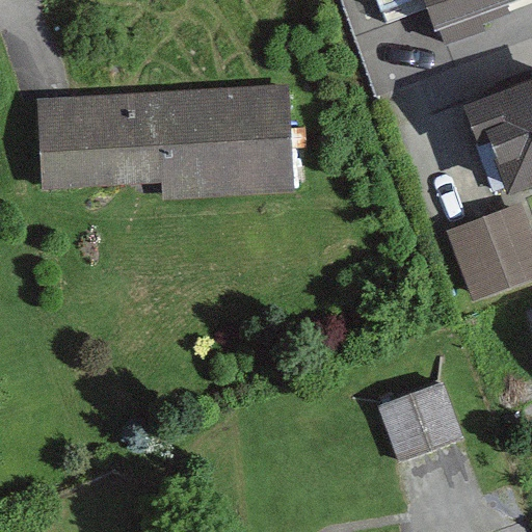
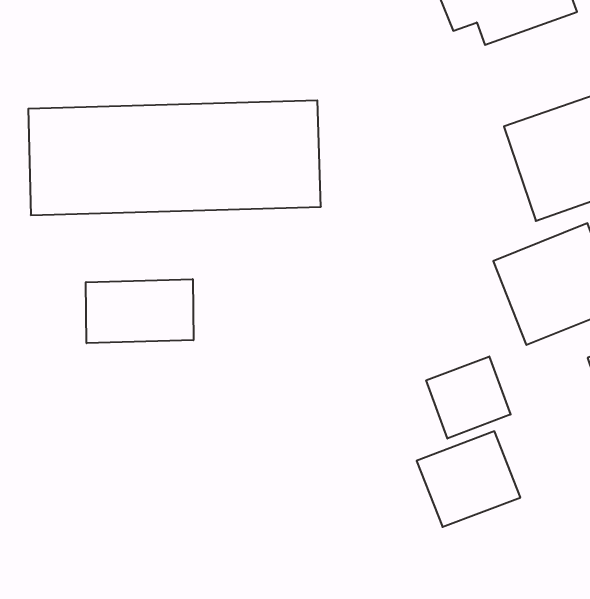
building: none -> [86,279,193,343]
building: none -> [426,356,511,439]

